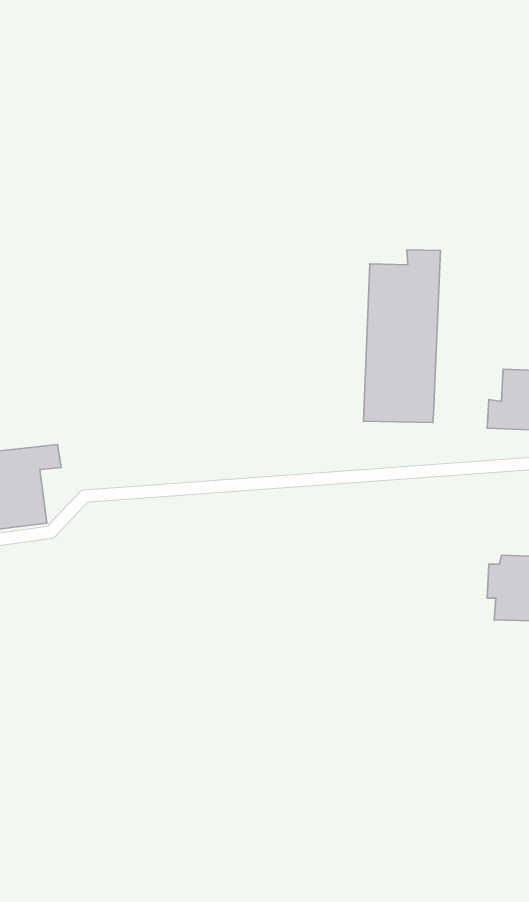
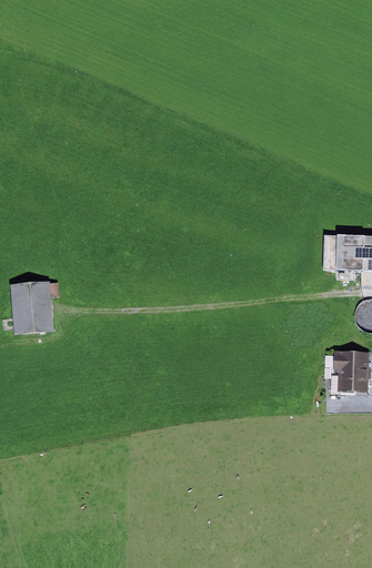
building: [363,250,440,422] -> none

